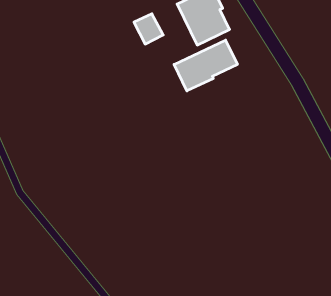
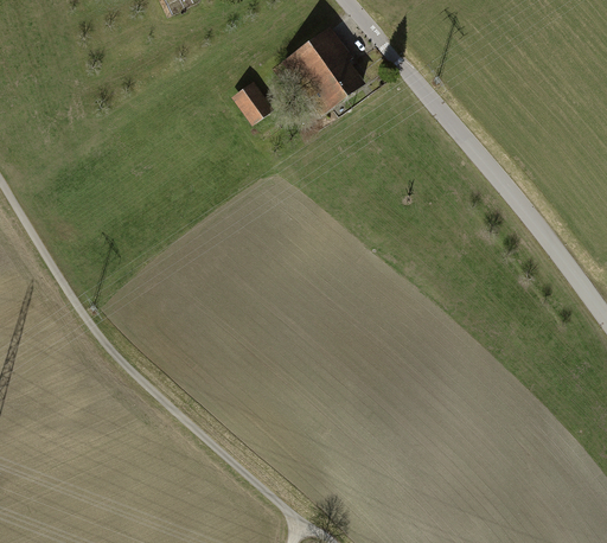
building: [174,40,237,91] -> none

